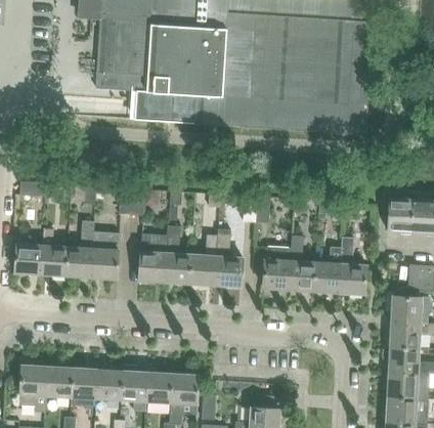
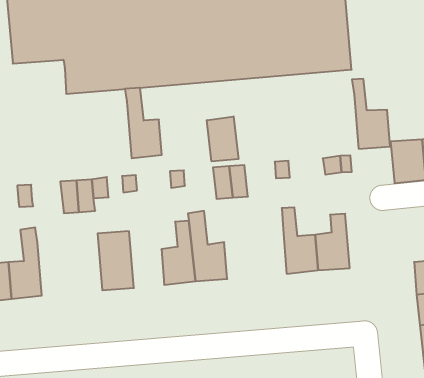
building: none -> [207,116,238,161]
building: [165,226,191,284] -> [125,88,162,158]
building: [90,234,119,280] -> none
building: [340,237,367,295] -> [352,79,390,149]
building: [263,248,292,290] -> none

